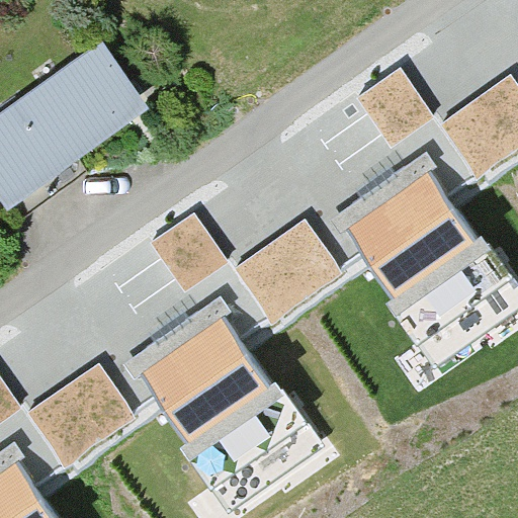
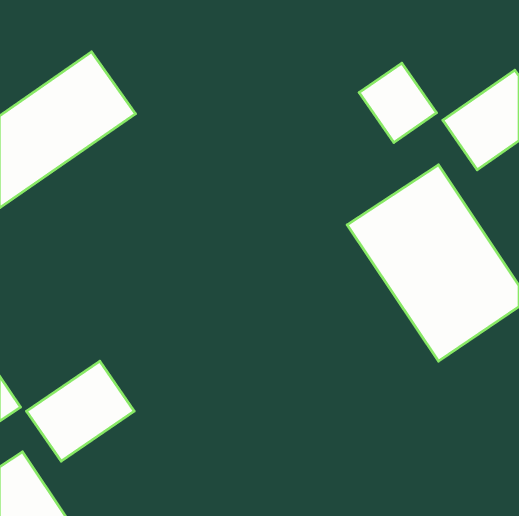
building: [150,213,227,292] -> none
building: [233,221,339,320] -> none
building: [141,313,322,508] -> none

